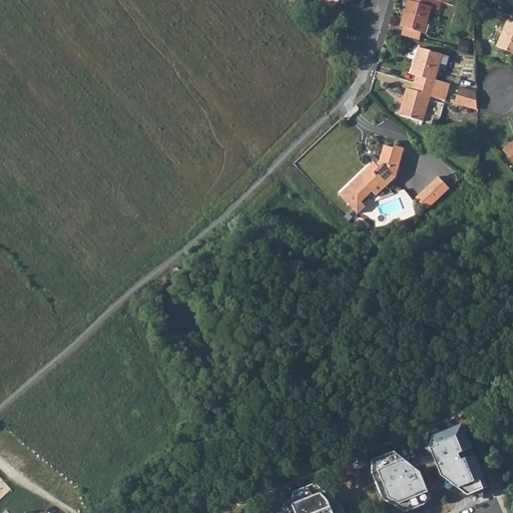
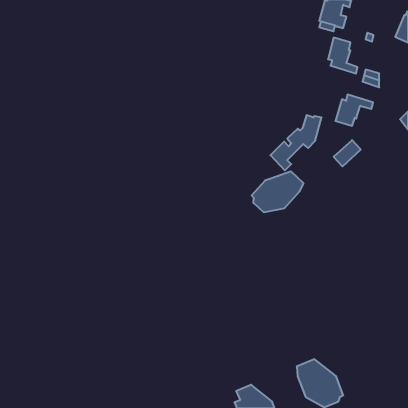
building: [399,82,446,121] -> [335,95,373,126]
building: none -> [252,171,303,212]
building: [432,422,488,493] -> none

